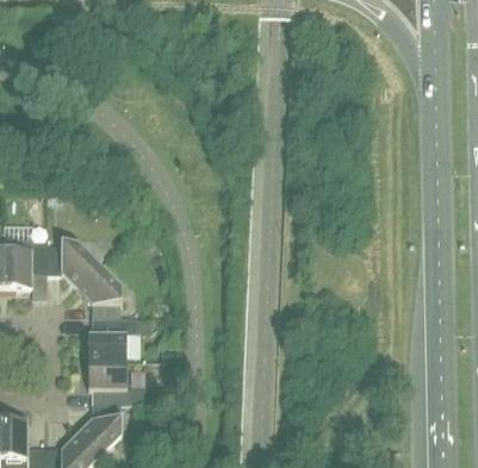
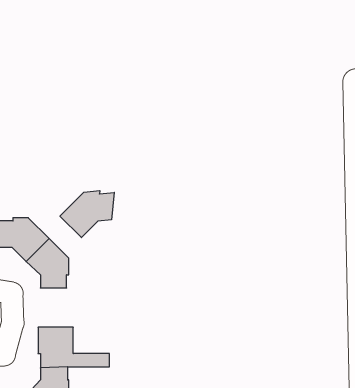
building: none -> [60,191,114,238]
building: [88,318,135,361] -> none

